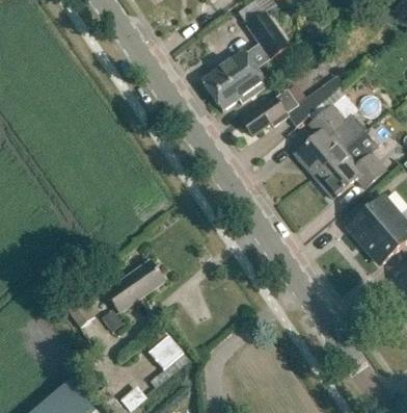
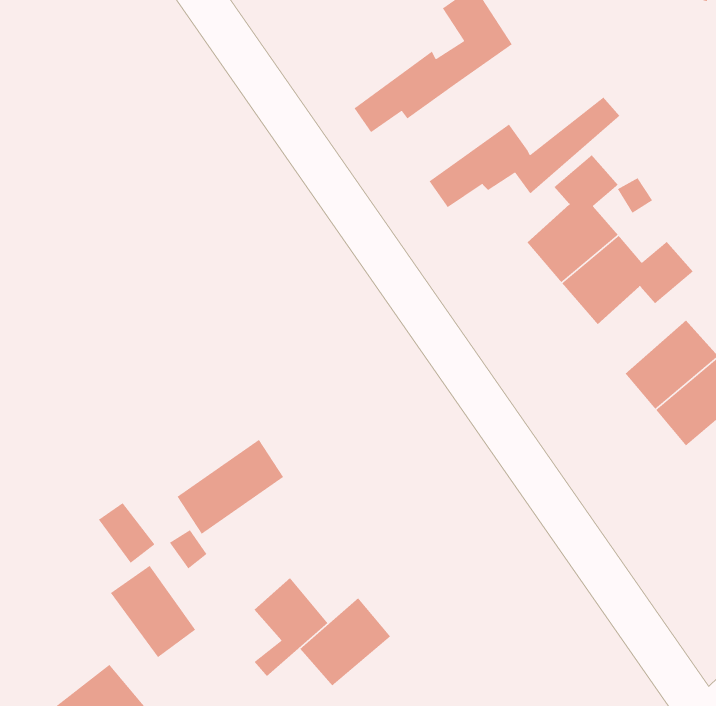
building: [211,68,268,109] -> none
building: none -> [110,565,196,658]
building: none -> [299,597,391,686]

